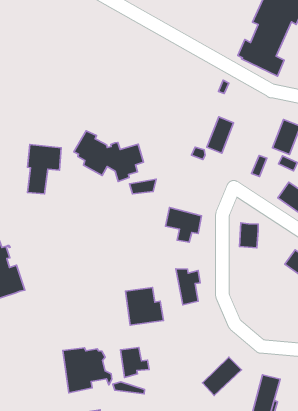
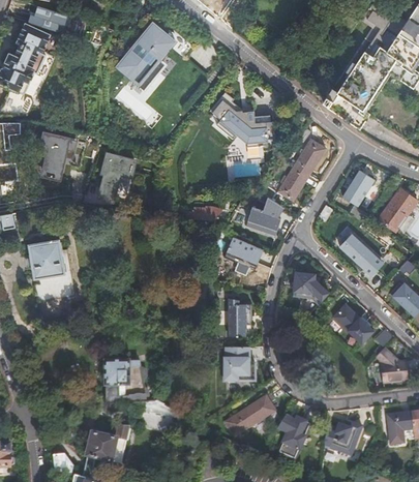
building: none -> [116,25,175,92]
building: none -> [295,133,324,167]
building: [74,131,143,181] -> [209,94,275,149]
building: none -> [245,200,282,236]
building: [126,288,163,325] -> [222,348,256,383]
building: [121,348,149,378] -> none

